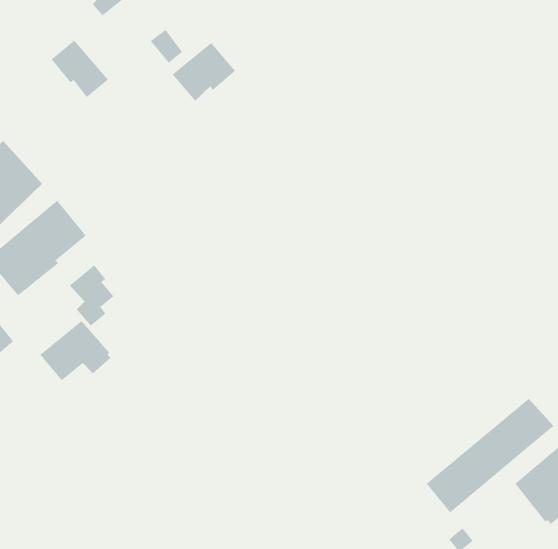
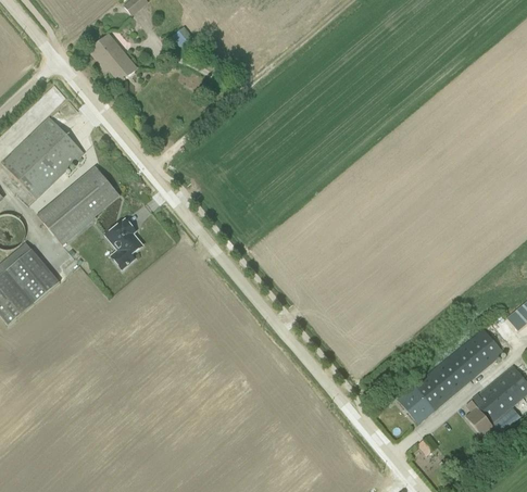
building: [172,42,236,102] -> none
building: [40,320,111,381] -> none
building: none -> [464,400,493,438]

